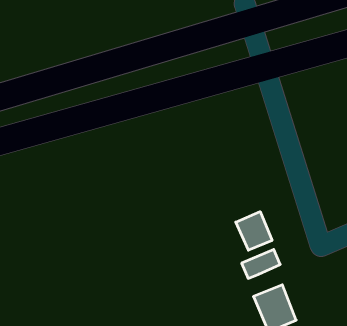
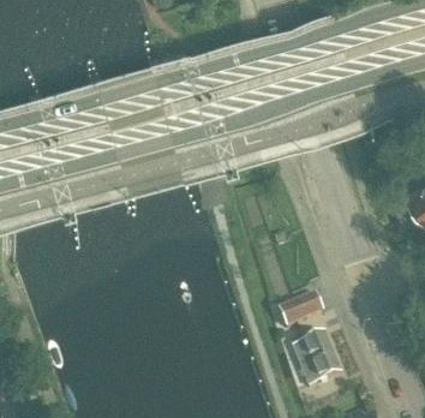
building: [236,212,272,250] -> none

